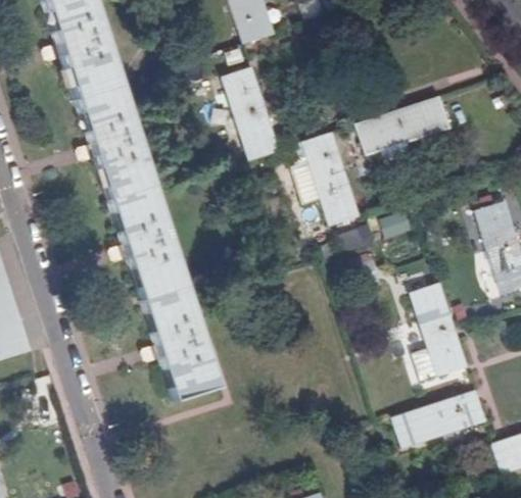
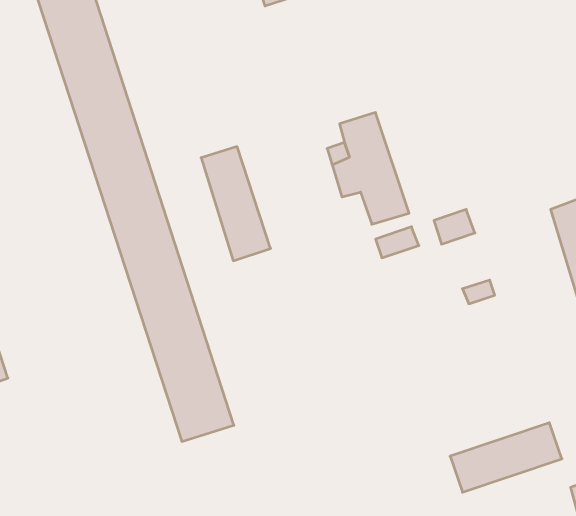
building: [223,64,280,158] -> [201,147,271,261]
building: [358,97,451,154] -> none
building: [413,281,469,379] -> none

